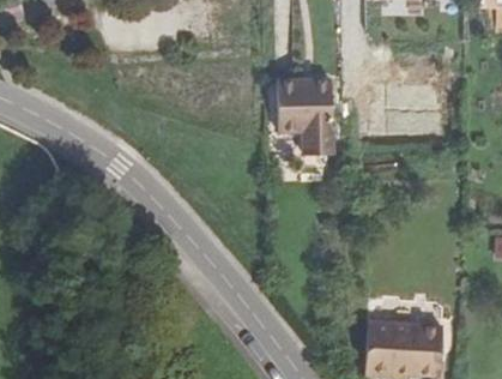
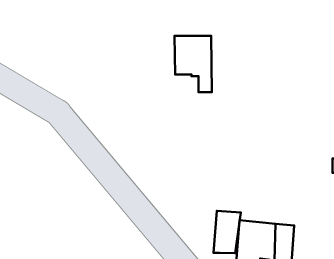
building: none -> [213,211,241,253]

